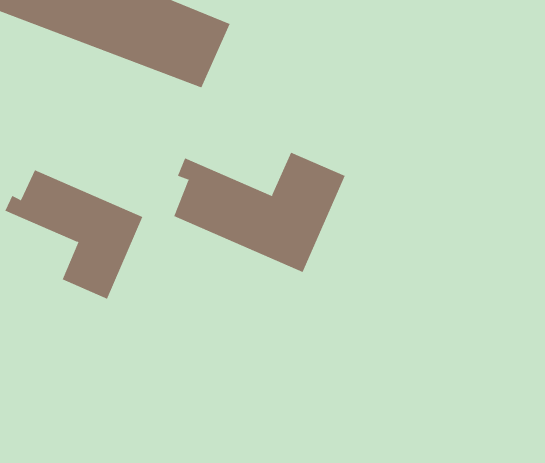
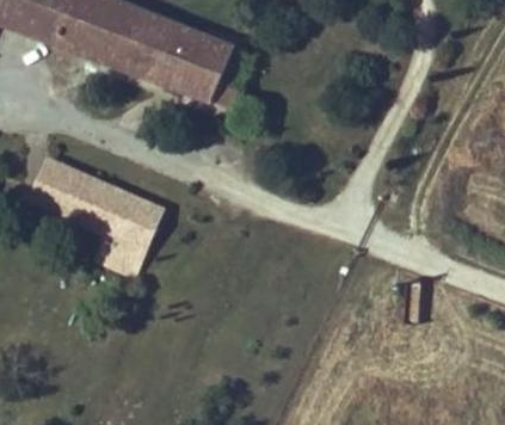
building: [174,152,346,273] -> none

